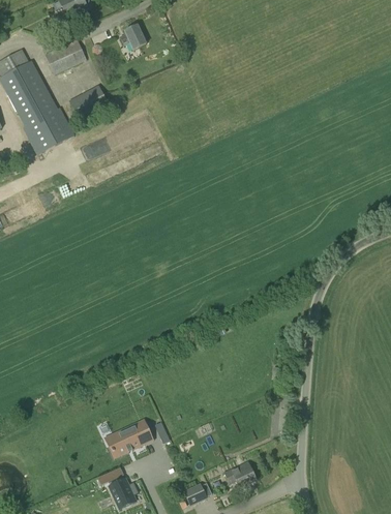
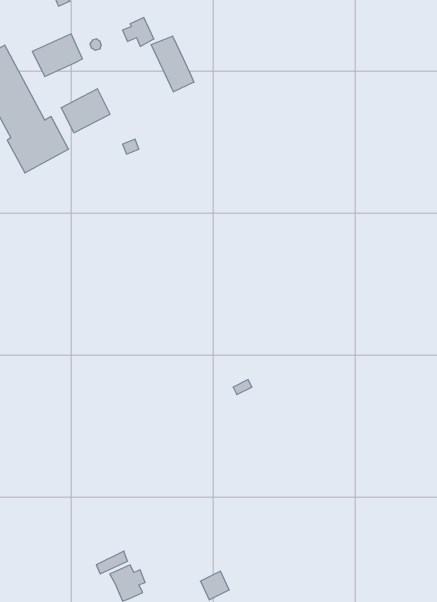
building: none -> [151,36,194,92]
building: [110,422,151,456] -> none
building: [224,461,255,487] -> none

